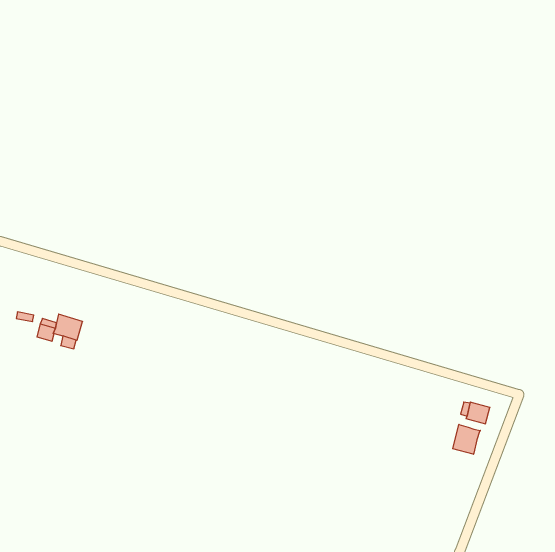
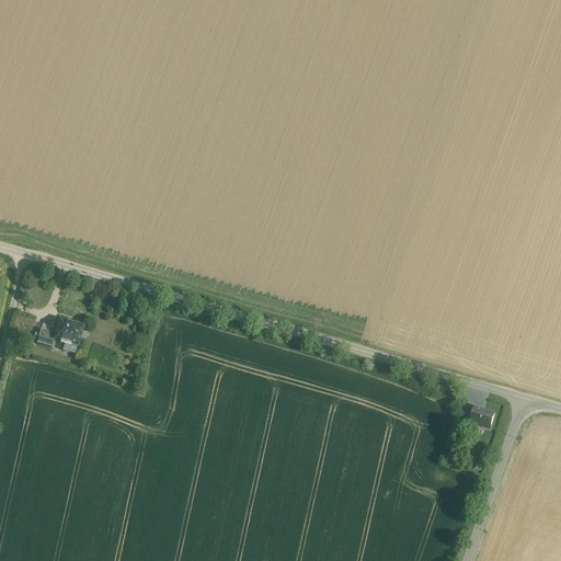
building: [453,424,480,454] -> none

